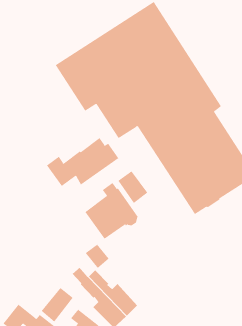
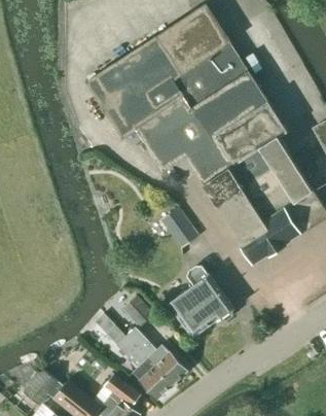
building: [46,137,119,187] -> none
building: [85,182,139,240] -> [168,268,232,337]
building: [41,287,74,322] -> none

